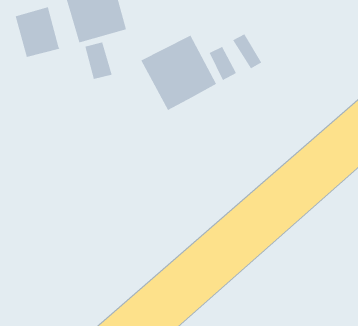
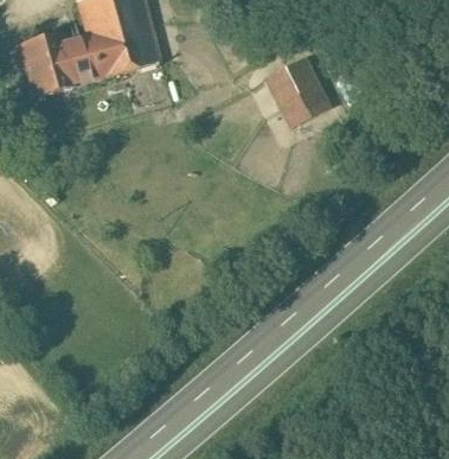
building: [140,34,217,111] -> none
building: [84,42,112,80] -> [68,36,102,82]

